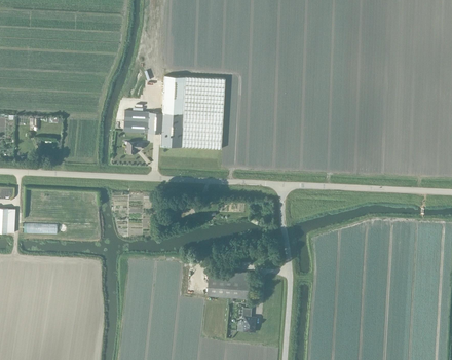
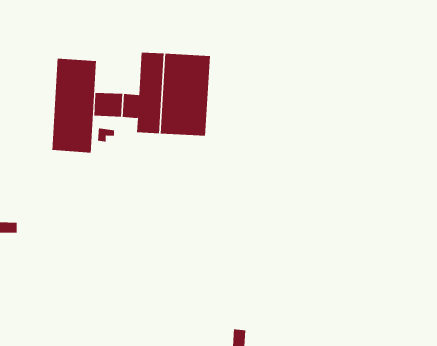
building: none -> [52,58,97,153]
building: [206,269,249,298] -> none

